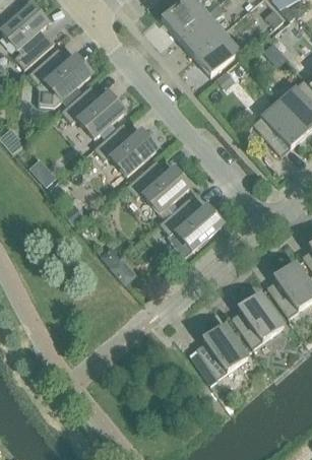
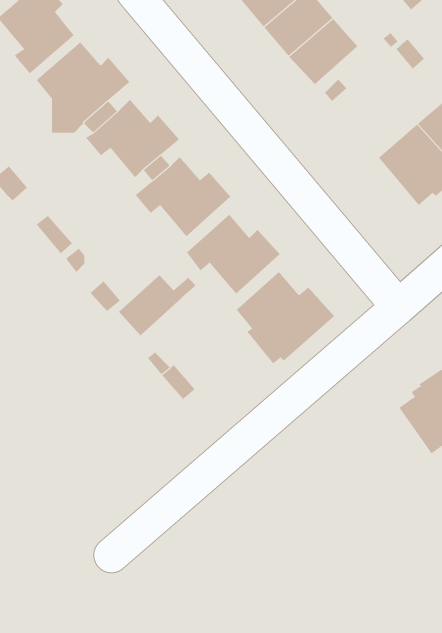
building: none -> [118,275,197,336]
building: [231,289,284,345] -> none
building: [188,321,248,381] -> none

